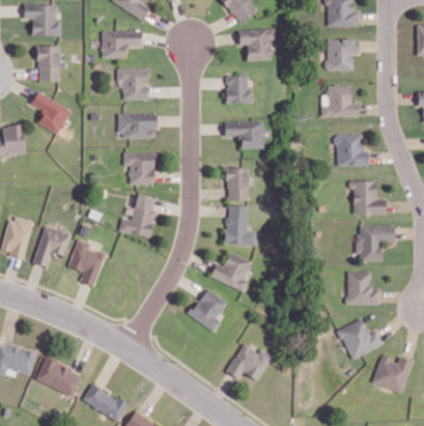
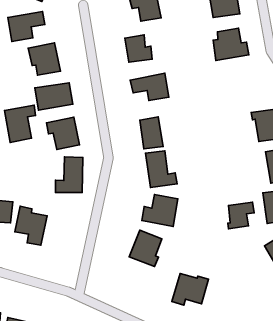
building: none -> [5,105,36,142]
building: [336,135,368,166] -> none
building: none -> [228,202,254,229]

